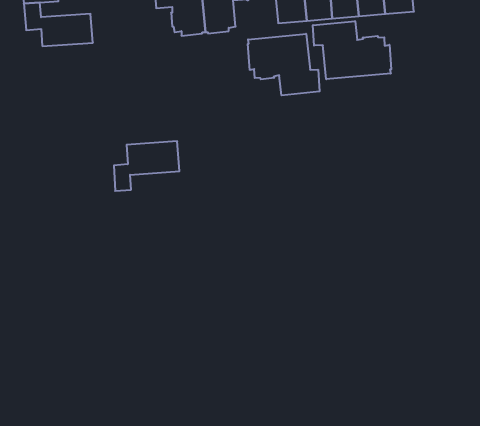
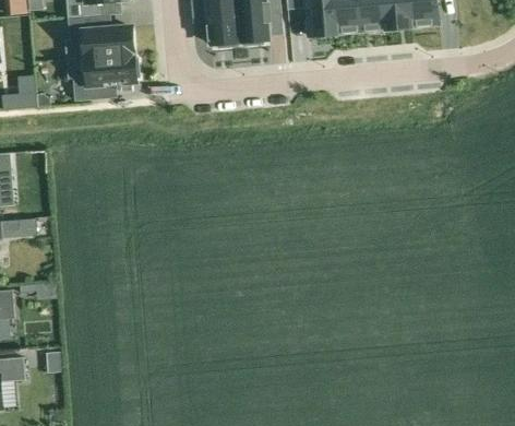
building: [313,21,391,79] -> none
building: [248,34,320,95] -> none
building: [114,141,179,191] -> [73,54,135,100]

